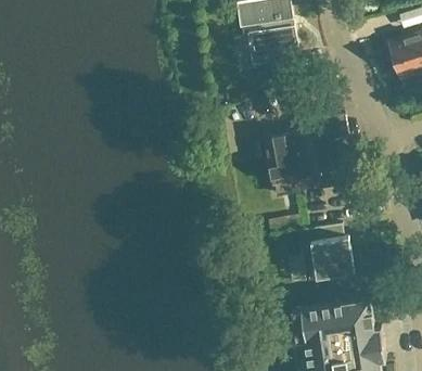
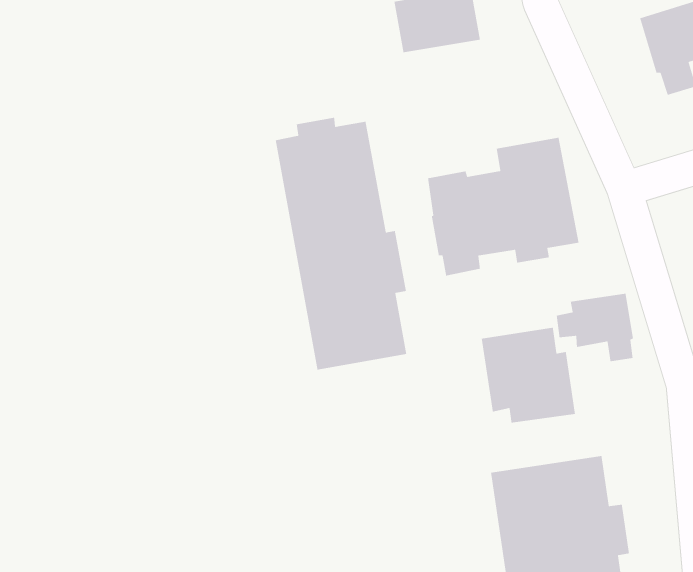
building: none -> [275,117,407,371]
building: none -> [556,293,634,362]

